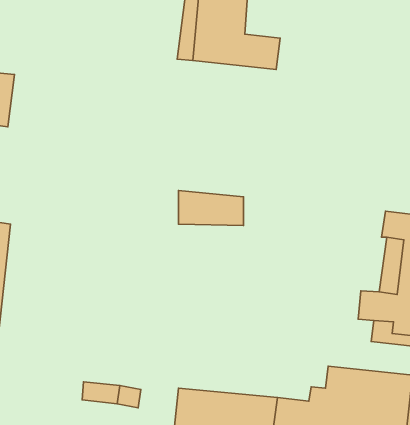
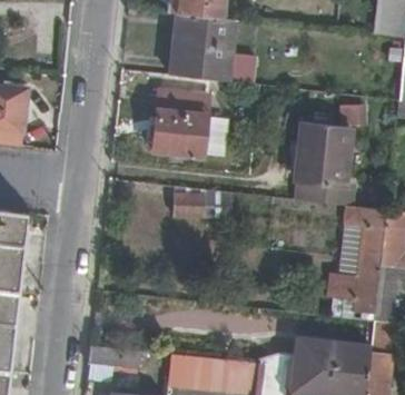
building: none -> [152,89,208,157]
building: none -> [298,121,352,205]

